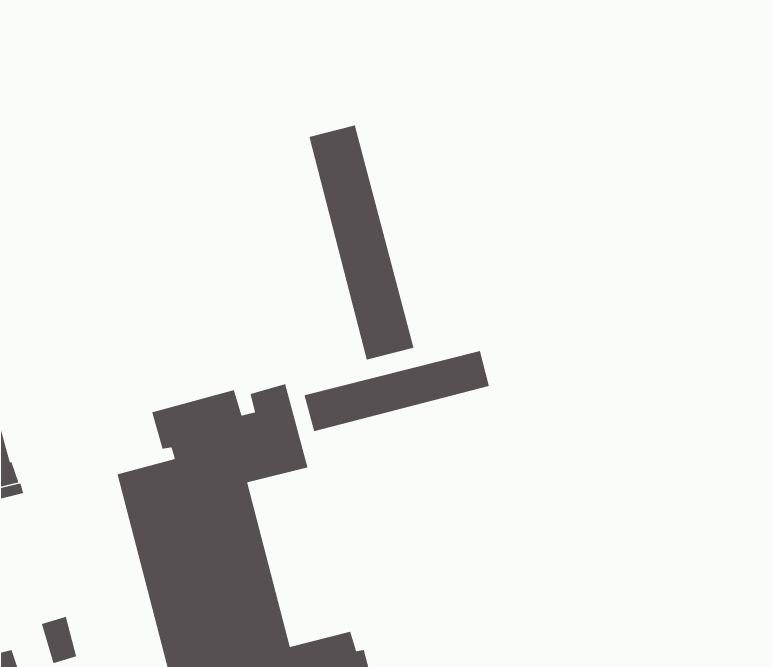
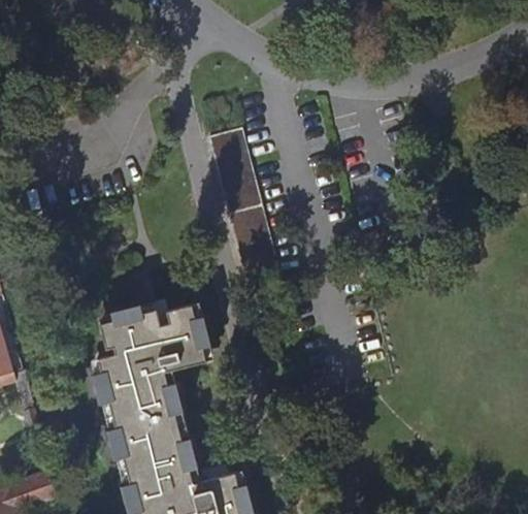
building: [304,350,490,432] -> none

